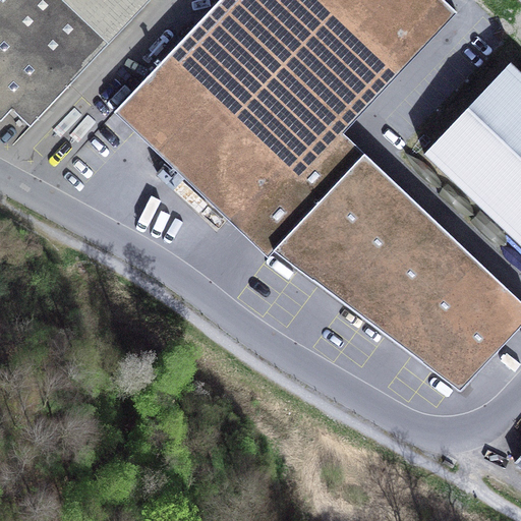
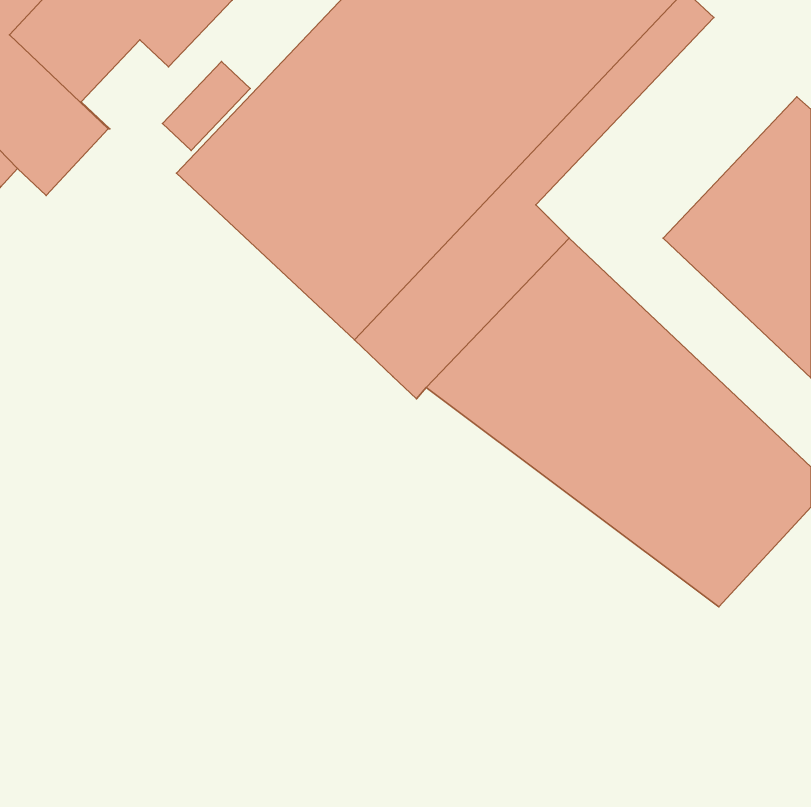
building: [52,25,108,82] -> [163,61,250,150]

